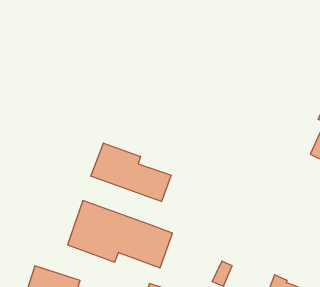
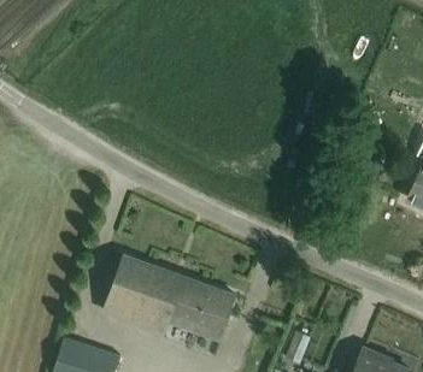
building: [91,143,171,201] -> none

